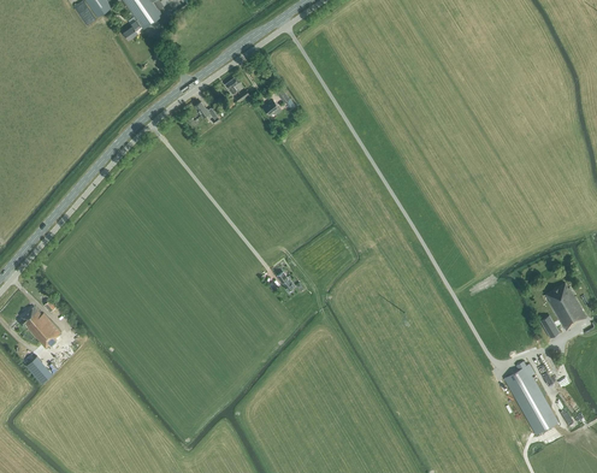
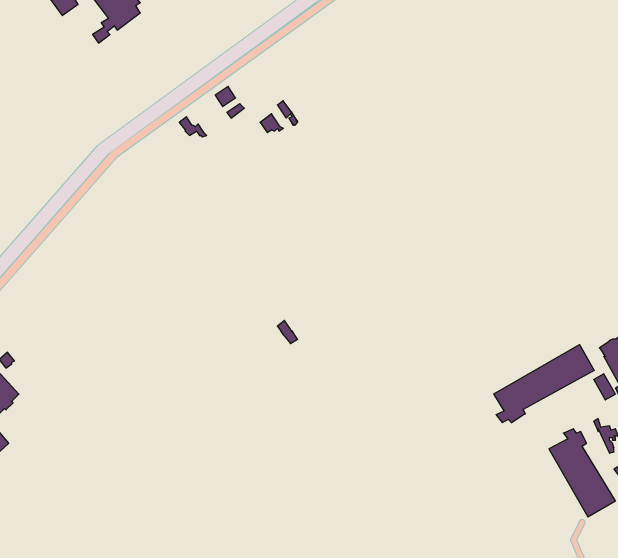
building: none -> [494,345,594,423]

